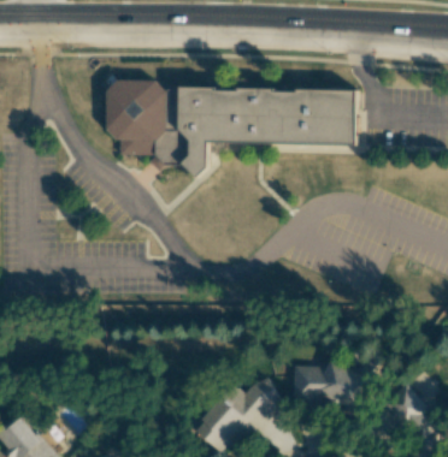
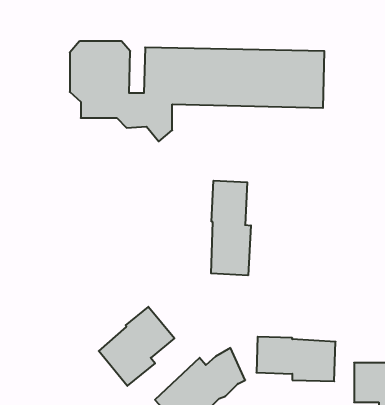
building: none -> [211,181,251,275]
building: none -> [99,307,174,386]

